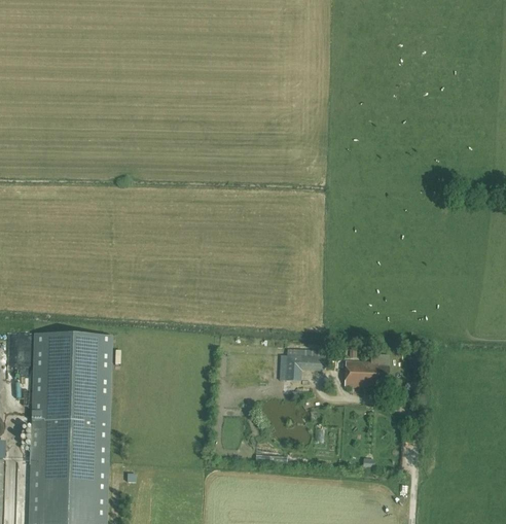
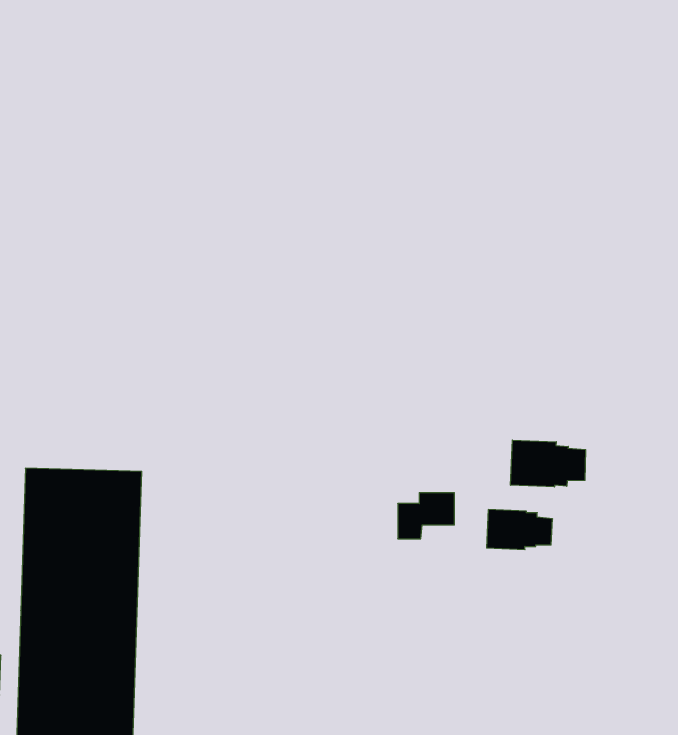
building: none -> [511,440,586,487]

